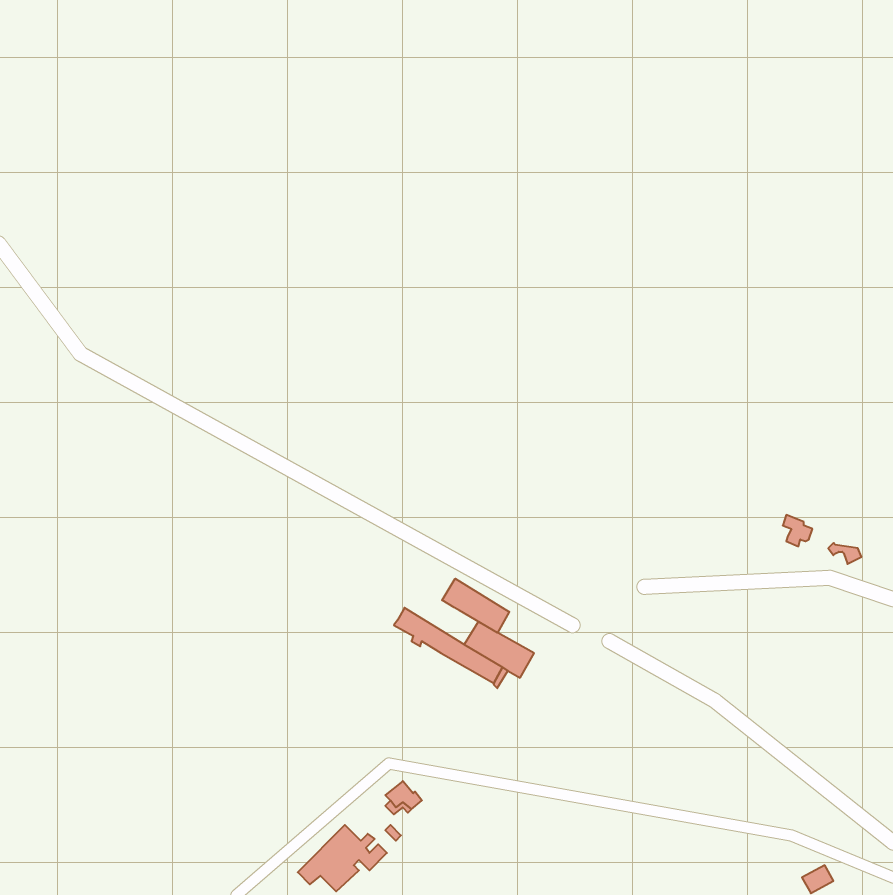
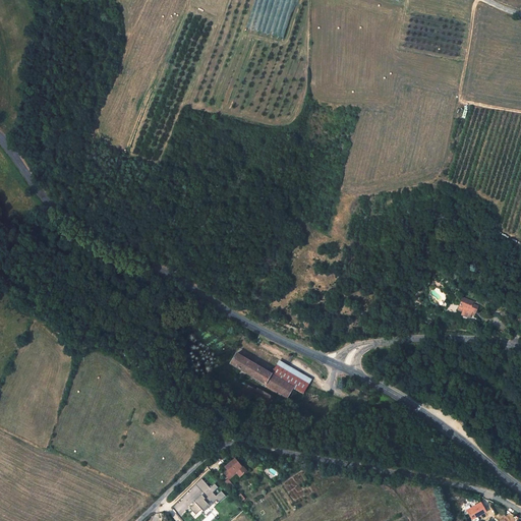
building: [442,579,509,633] -> none

